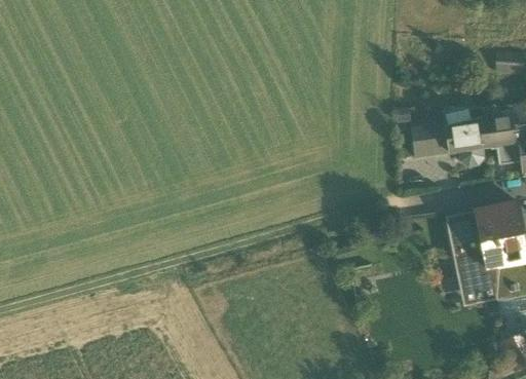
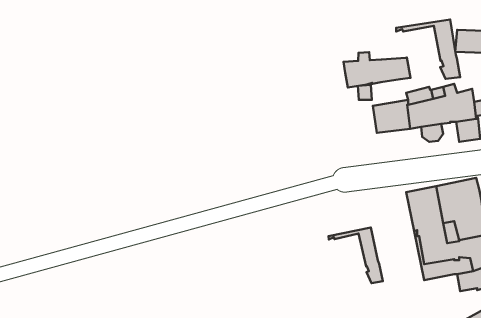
building: none -> [396,20,460,79]
building: none -> [343,52,411,87]
building: none -> [329,227,383,283]

